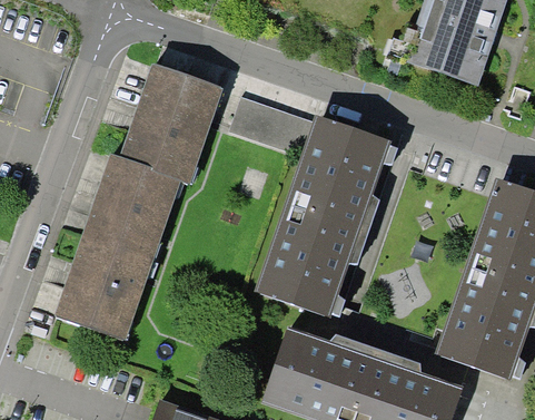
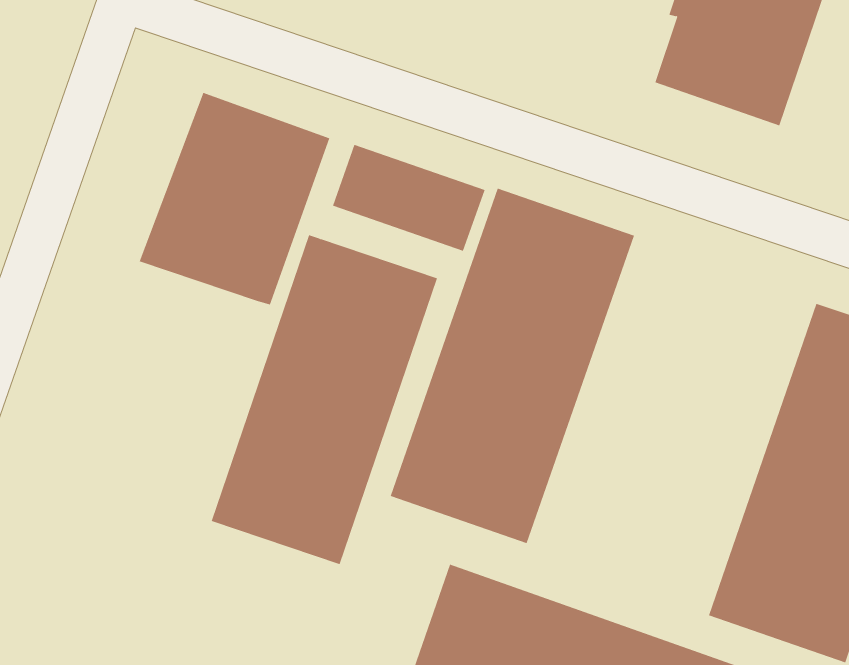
building: [57,156,184,341] -> [211,235,438,565]

